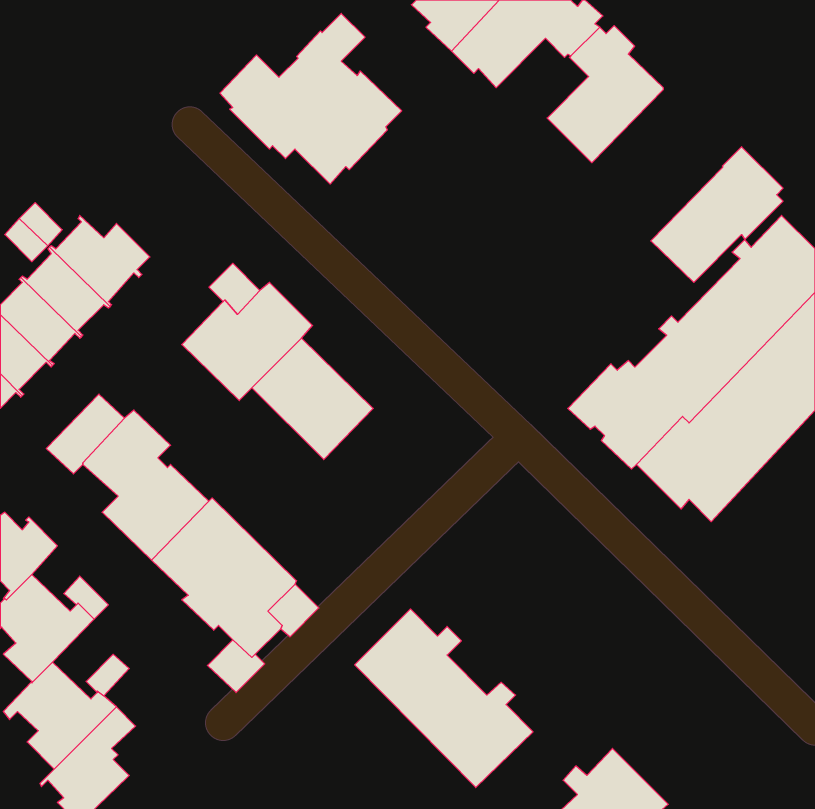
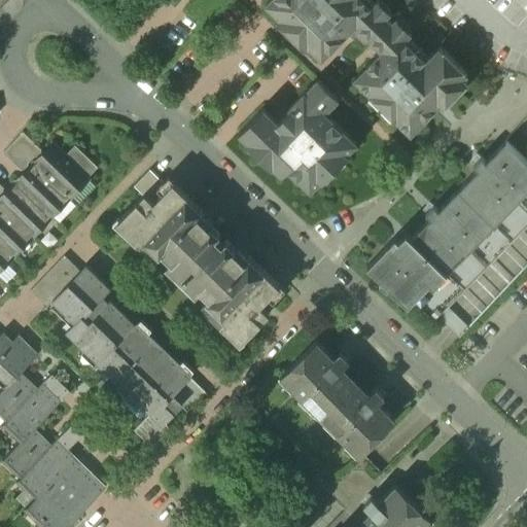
building: [220,13,402,184] -> [239,83,356,194]
building: [651,147,783,282] -> [382,48,467,136]
building: none -> [202,260,278,346]
building: [355,609,533,788] -> [280,344,395,459]
building: none -> [72,472,105,508]

